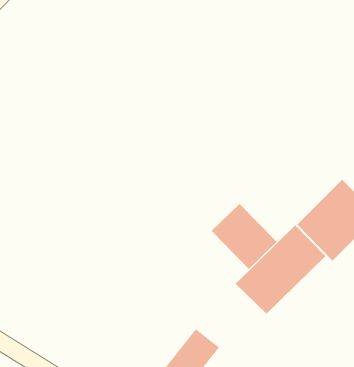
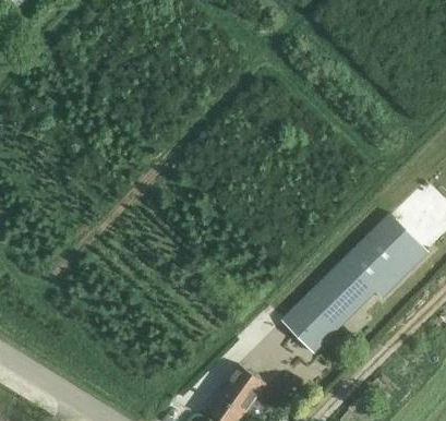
building: [211,203,278,270] -> none

